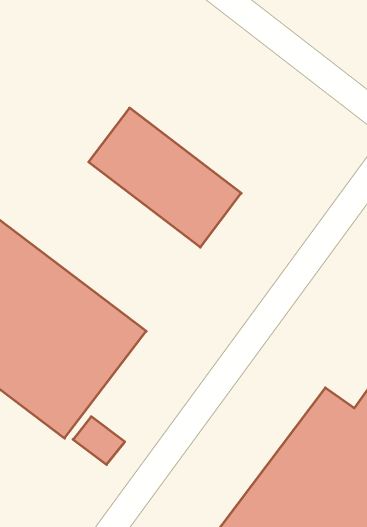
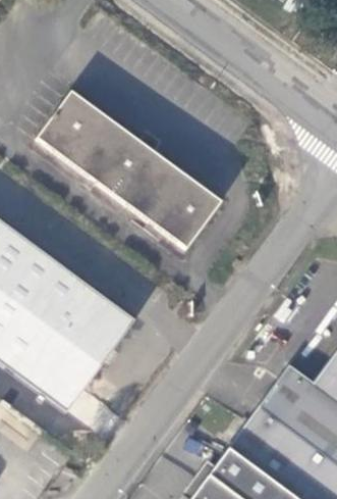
building: none -> [37,91,122,177]

